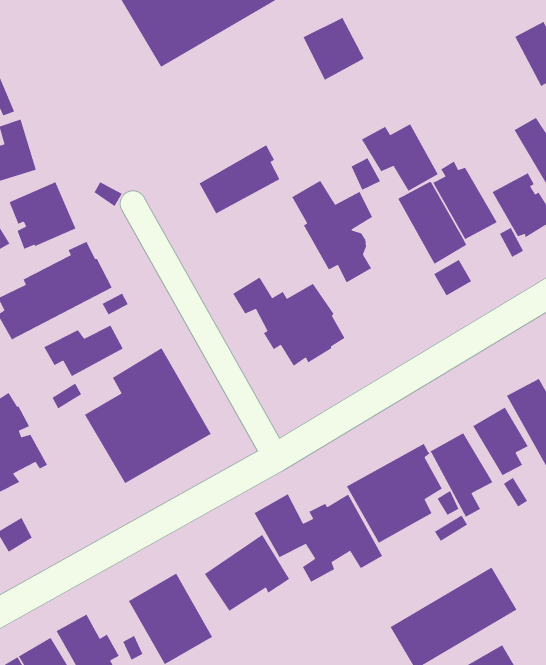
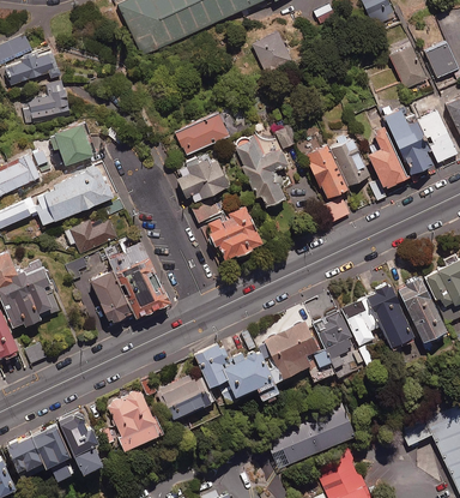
building: [361,123,439,192] -> none
building: none -> [177,158,229,203]

